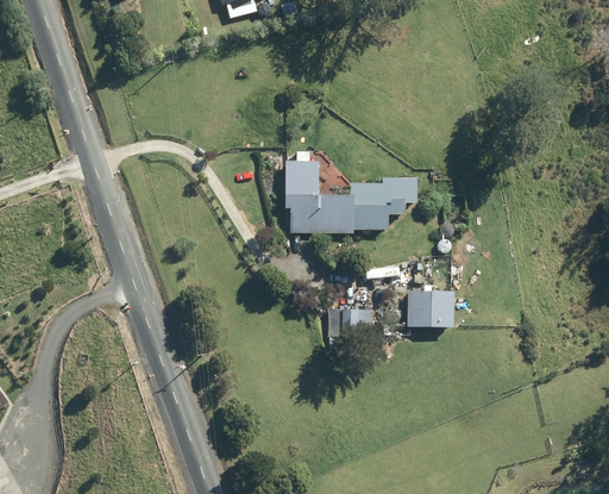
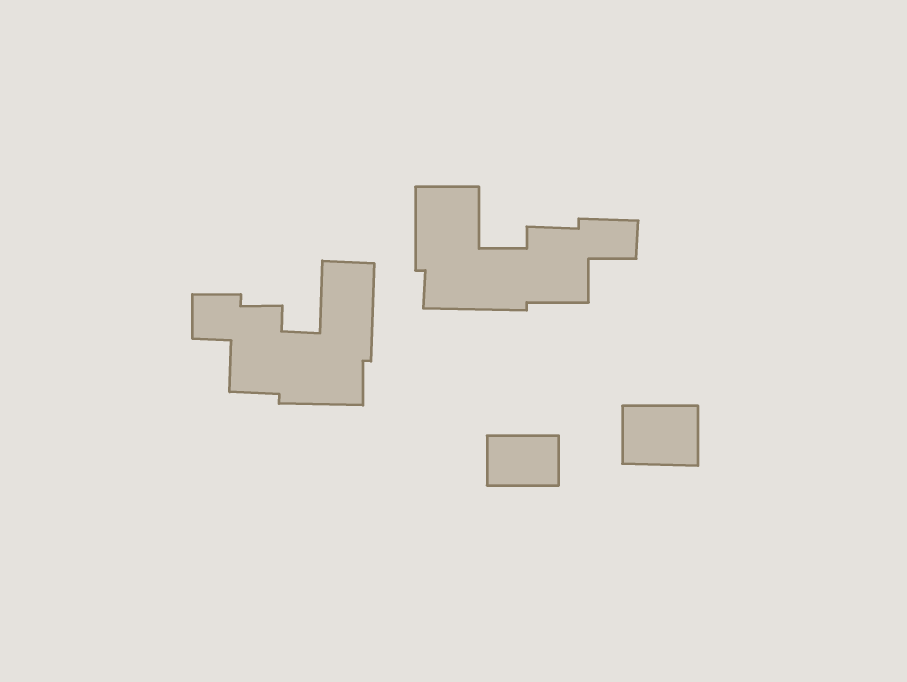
building: none -> [192,261,374,405]

